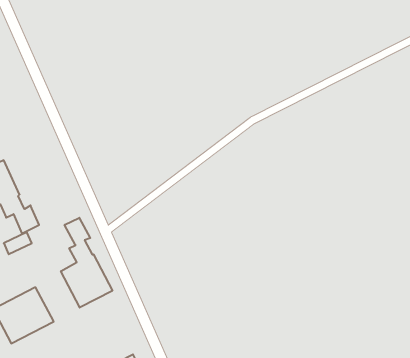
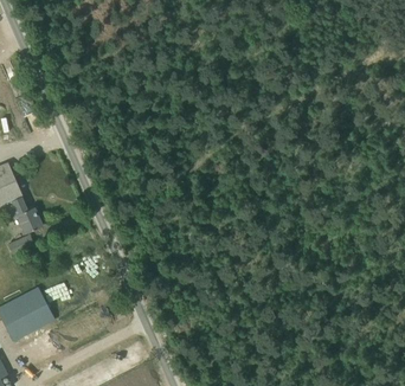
building: [61,218,112,308] -> none

